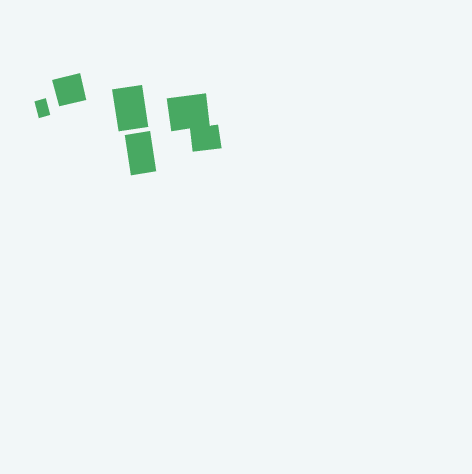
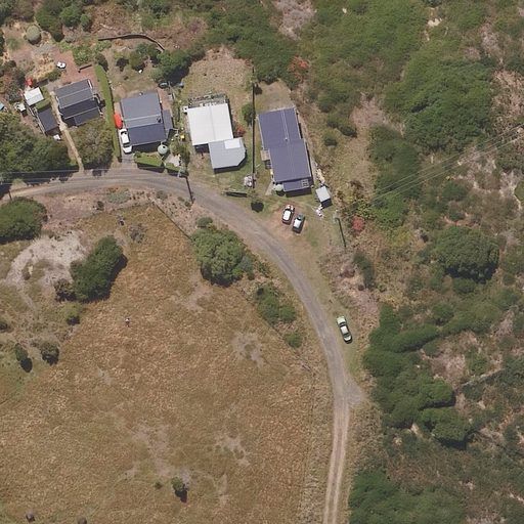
building: none -> [260,108,310,191]
building: [124,130,157,176] -> none

